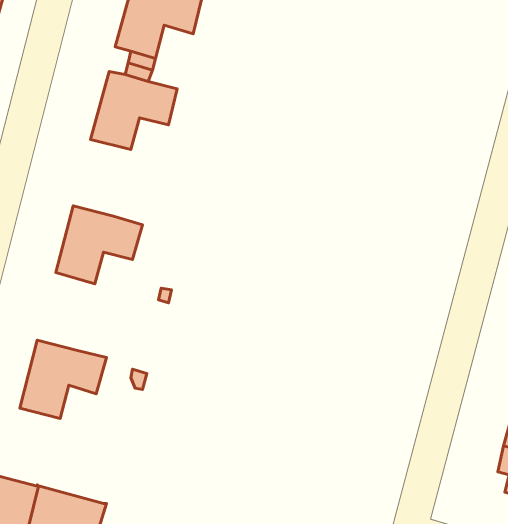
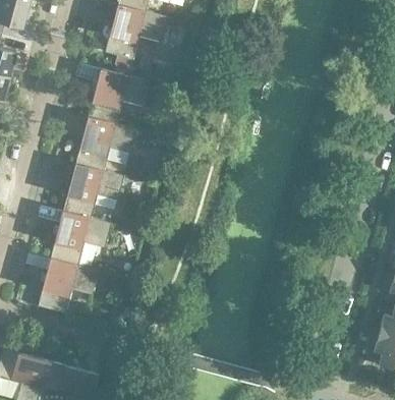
building: none -> [74,117,135,171]
building: none -> [49,211,110,266]

